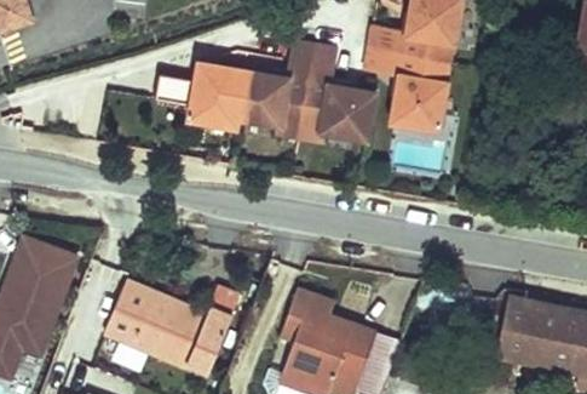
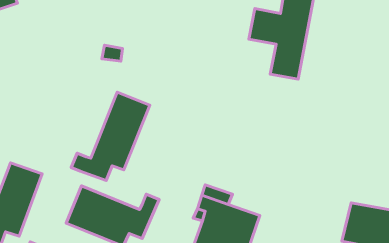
building: [191,45,374,139] -> none
building: none -> [71,92,150,180]

